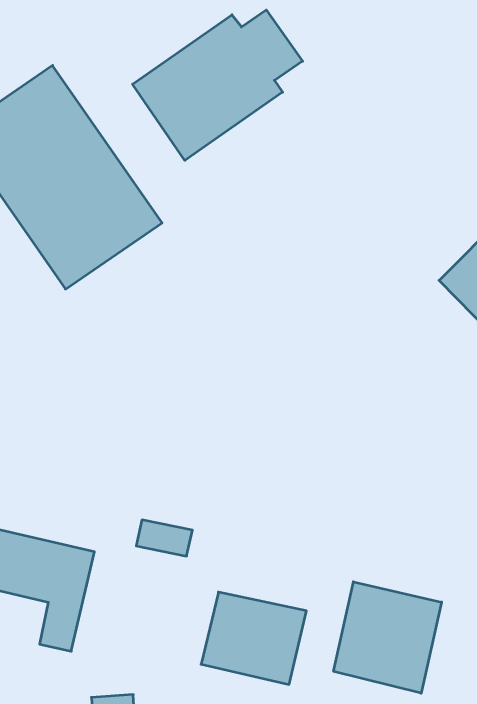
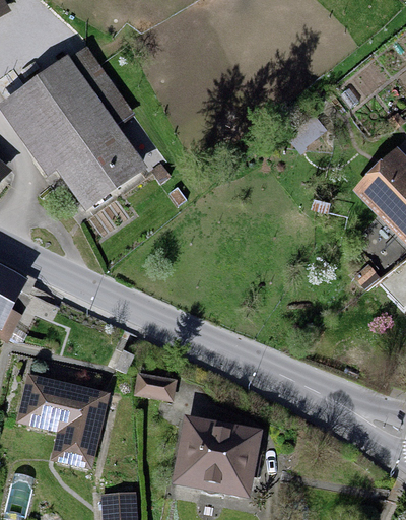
building: [133,10,303,160] -> none
building: [334,582,442,693] -> none

